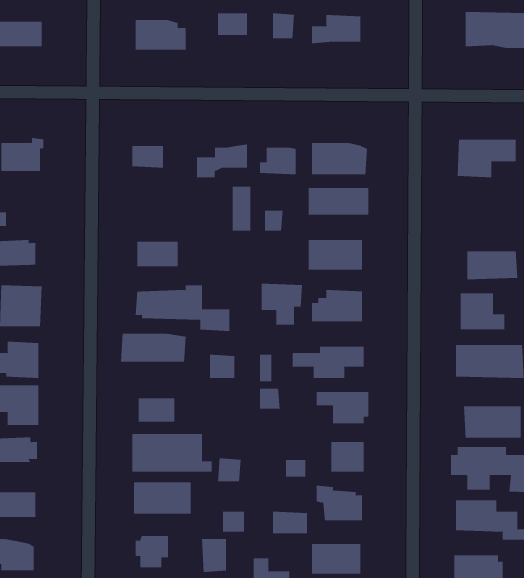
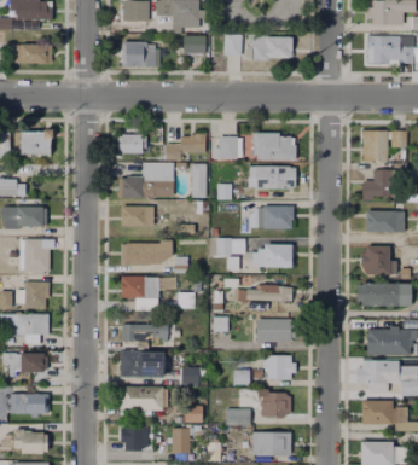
building: none -> [120,163,174,196]
building: none -> [362,170,401,200]

